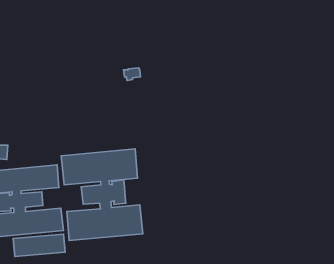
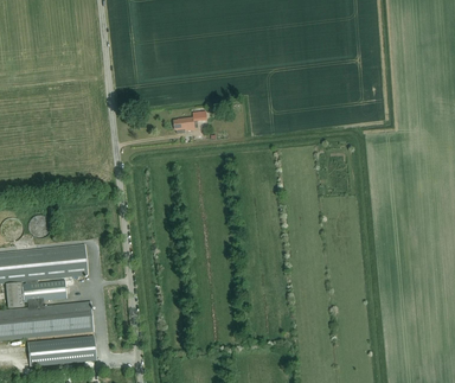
building: [61,149,143,241] -> none

